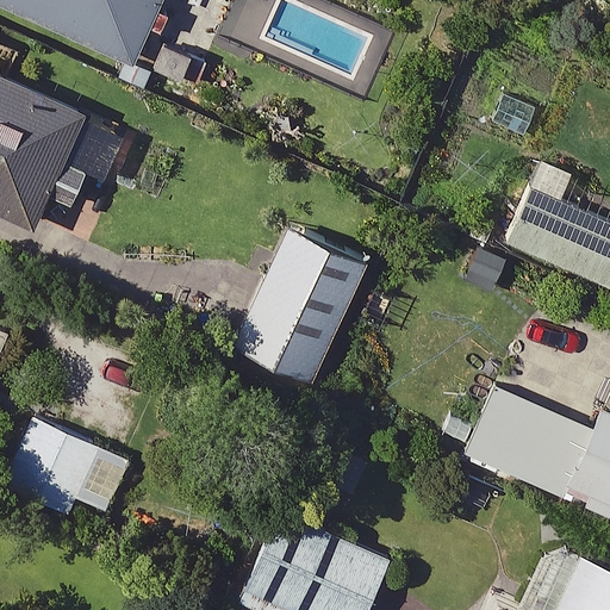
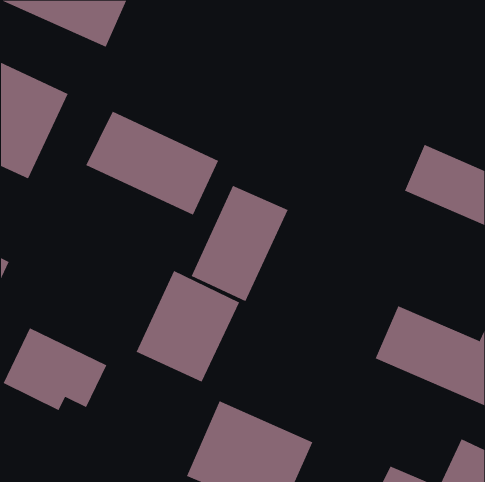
building: none -> [86,111,219,216]
building: none -> [136,270,240,383]

